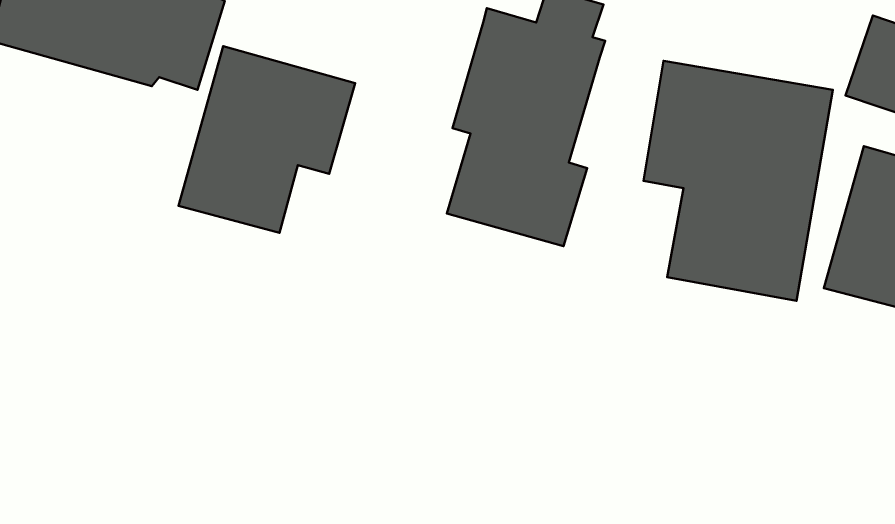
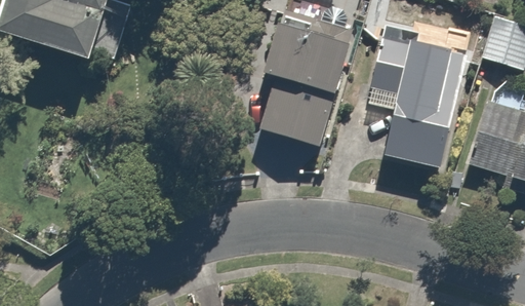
building: [178,46,355,233] -> none

